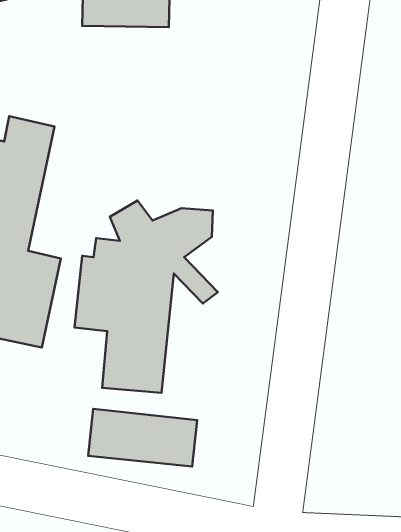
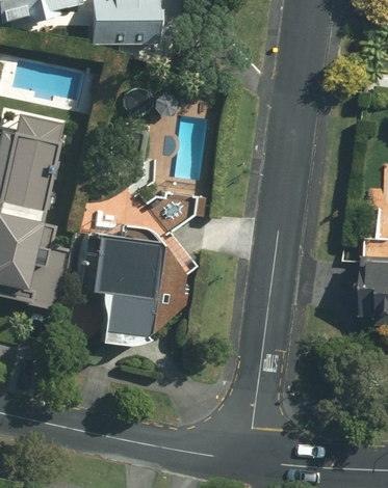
building: [88,409,197,466] -> none

